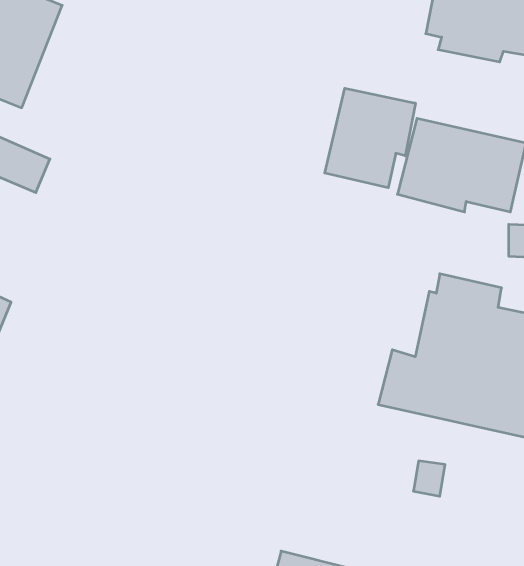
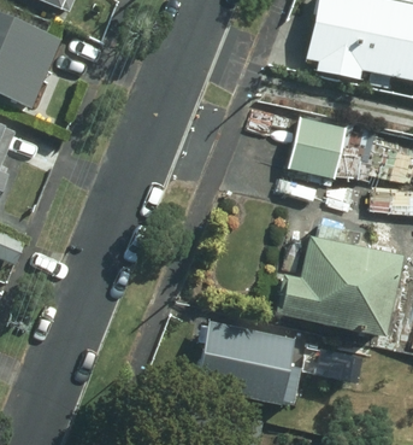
building: [325,88,415,188] -> none
building: none -> [185,323,289,410]

